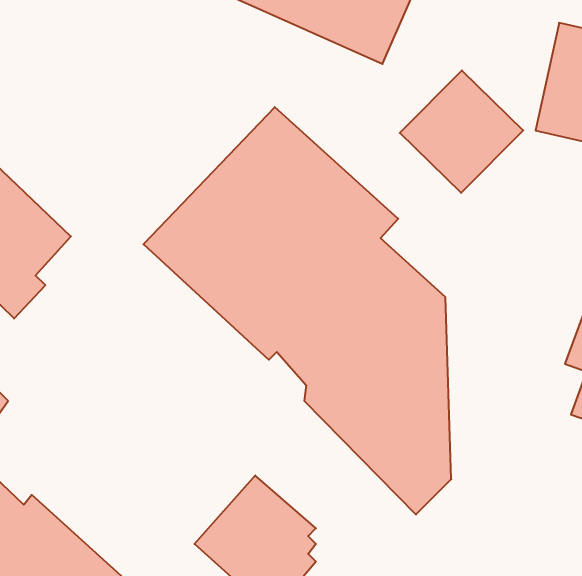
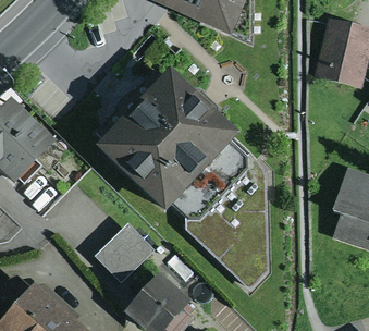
building: [400,70,523,193] -> none
building: none -> [93,222,152,283]

